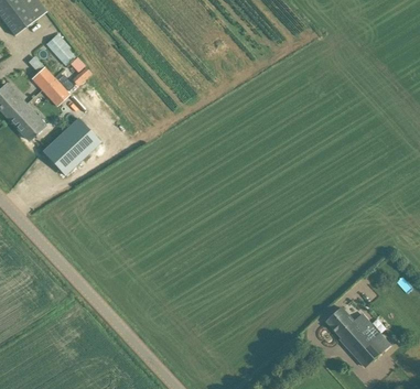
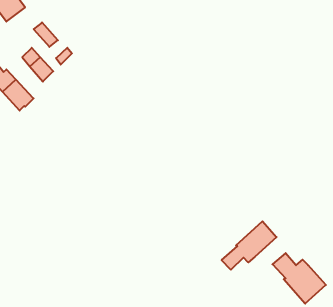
building: [42,117,99,174] -> none
building: none -> [222,221,277,270]

